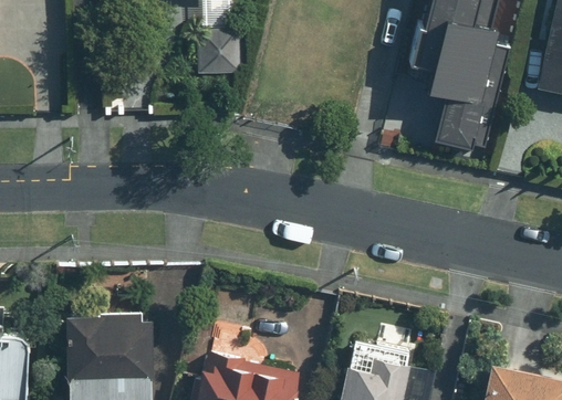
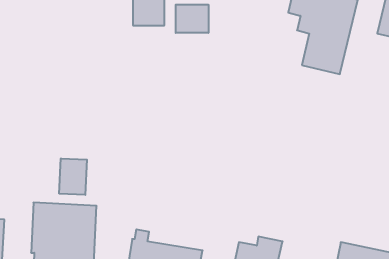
building: none -> [176,5,208,33]
building: none -> [59,158,87,195]

